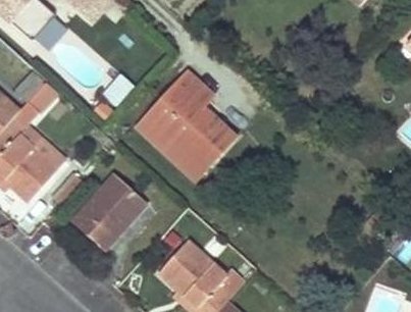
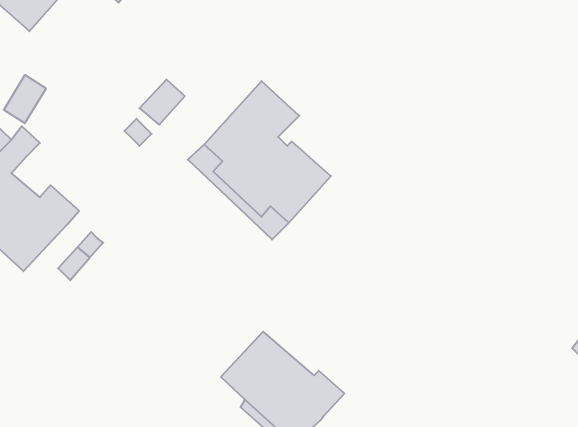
building: [72,176,144,248] -> none

